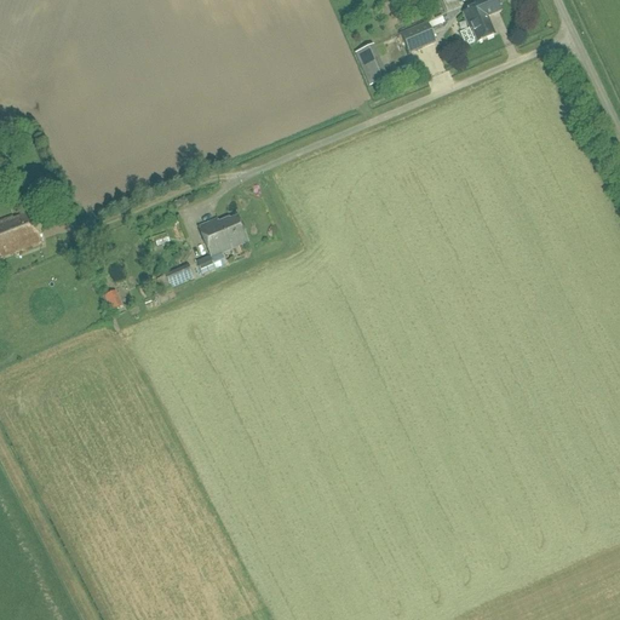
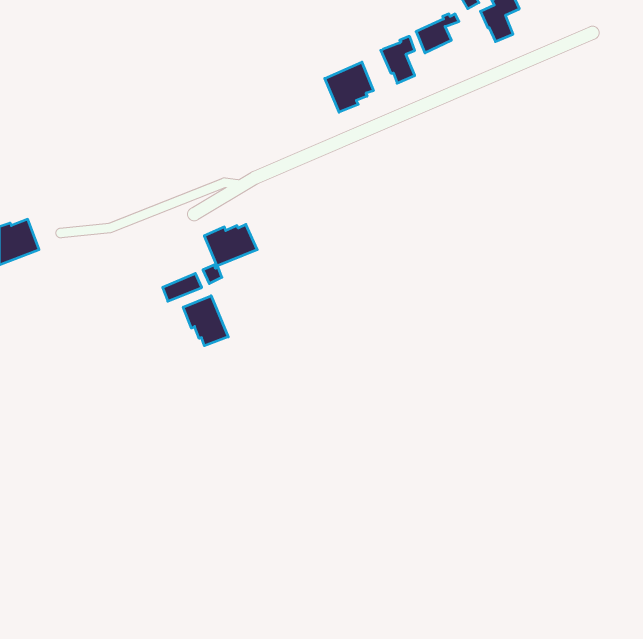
building: none -> [325,62,373,112]
building: none -> [183,296,228,346]

